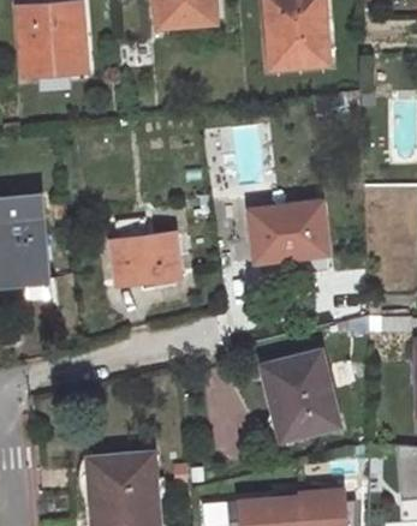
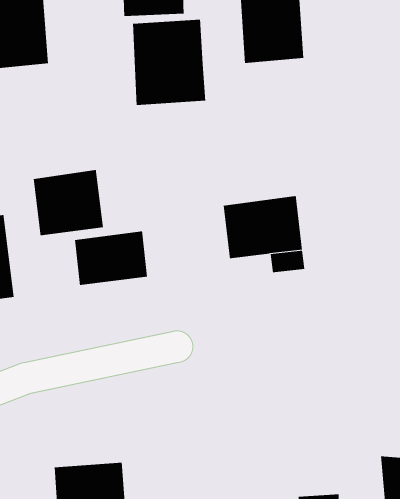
building: none -> [132,19,206,106]
building: none -> [33,169,103,236]
building: [266,352,345,438] -> none

